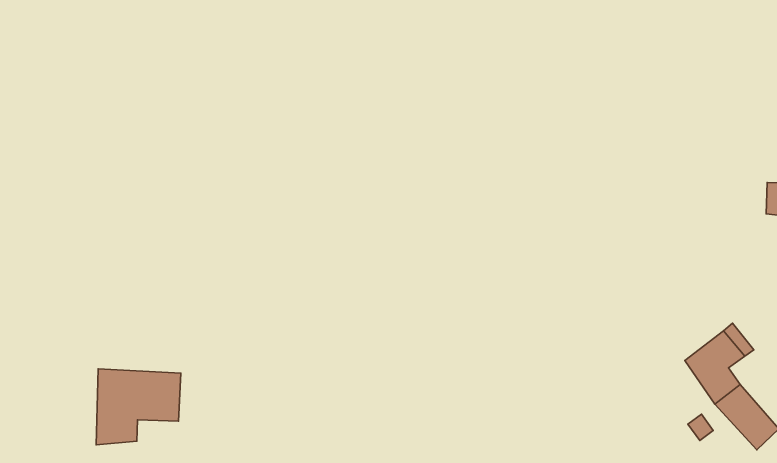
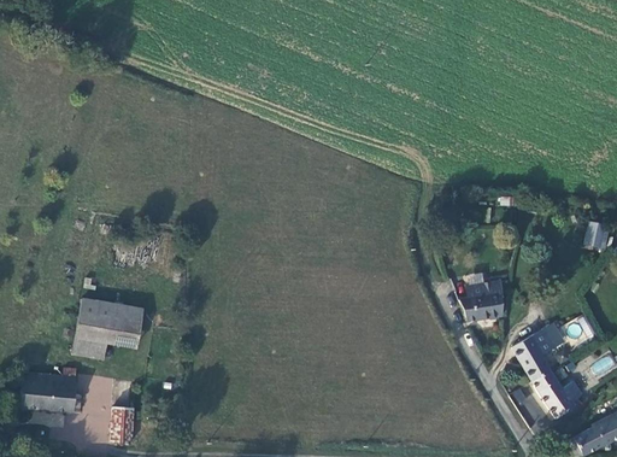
building: none -> [460,281,504,321]

